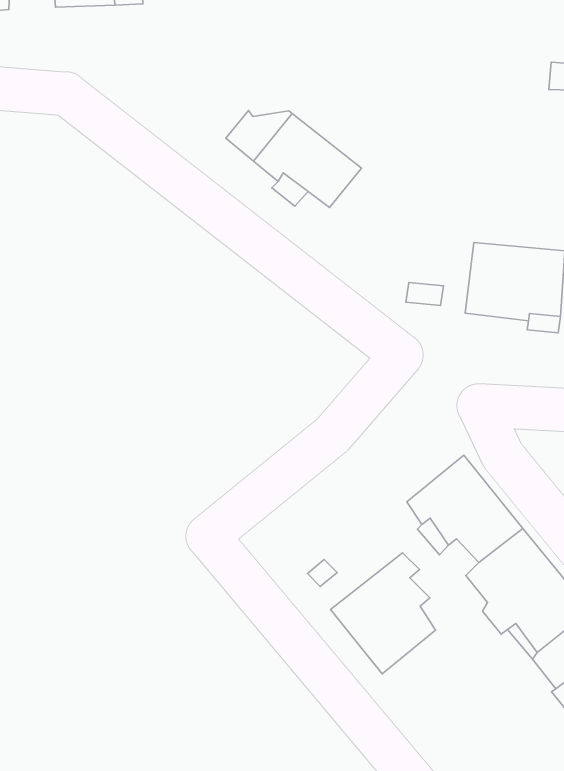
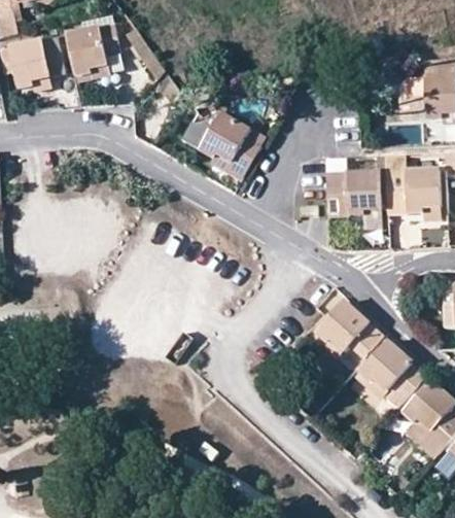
building: [331,553,435,674] -> none

